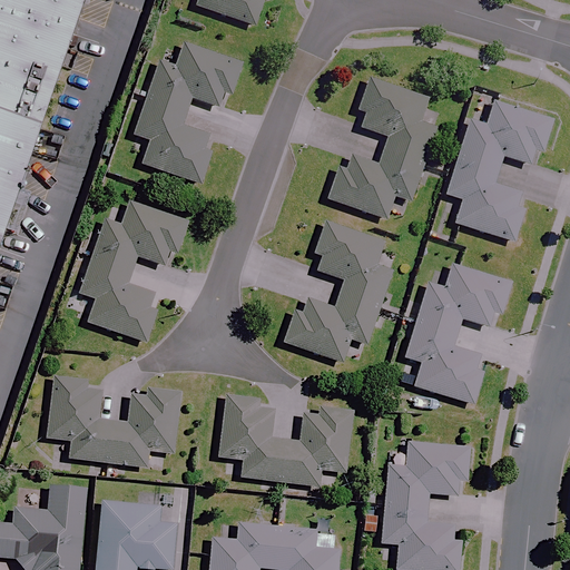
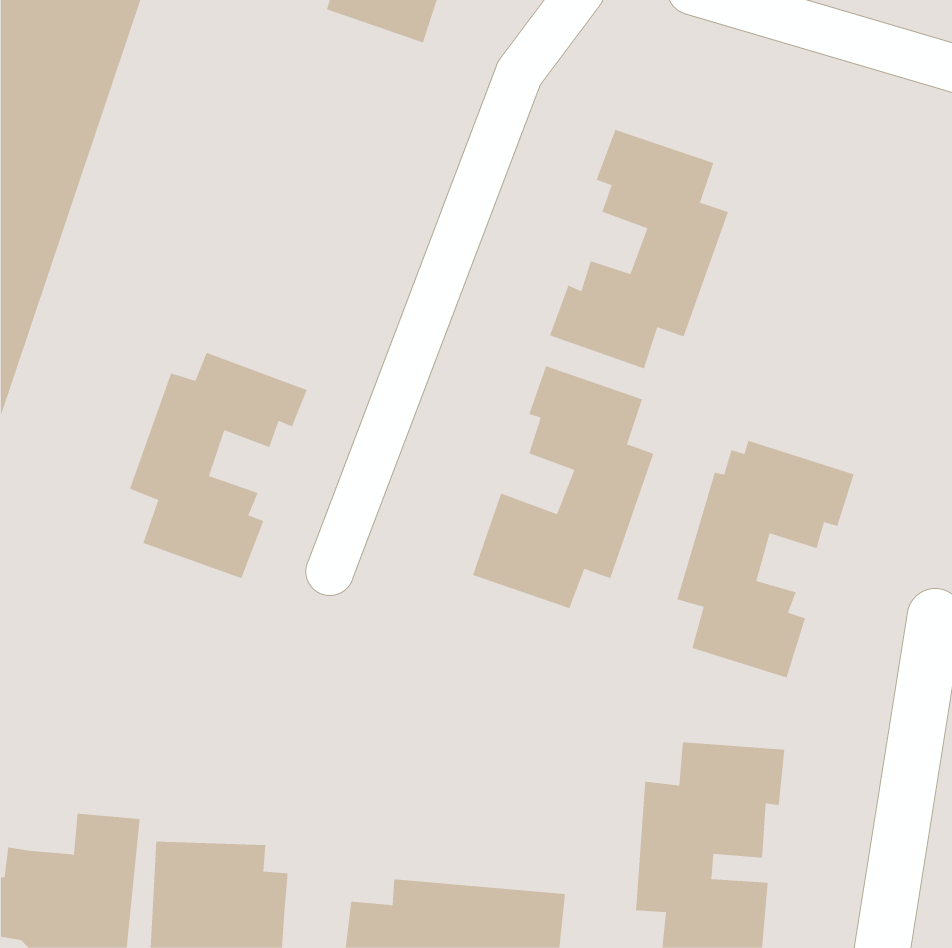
building: [134,43,242,183] -> none
building: [448,100,553,240] -> none
building: [48,374,179,465] -> none
building: [220,394,352,484] -> none

